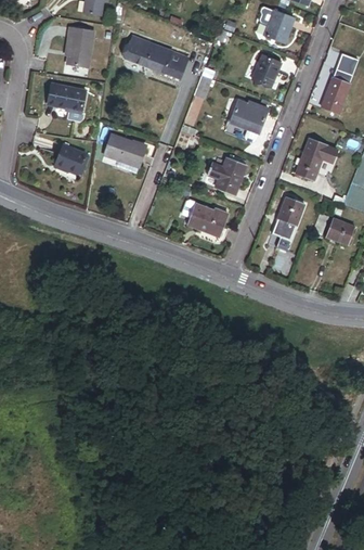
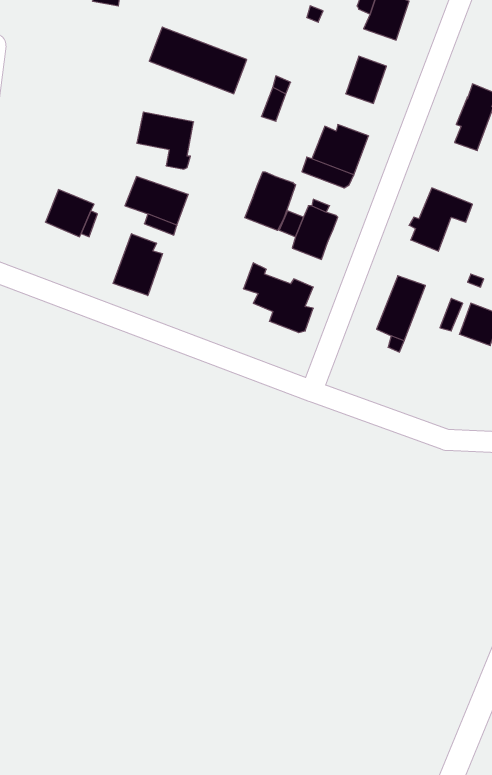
building: [64,26,91,66] -> none
building: [44,81,82,119] -> [137,112,194,169]
building: none -> [245,172,296,230]
building: none -> [113,234,162,296]

